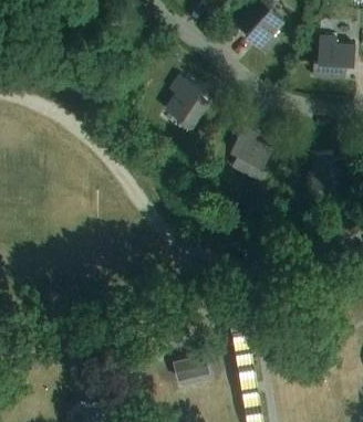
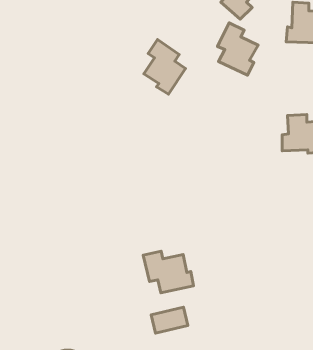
building: [230,126,272,180] -> [217,23,258,75]
building: none -> [143,251,194,293]

